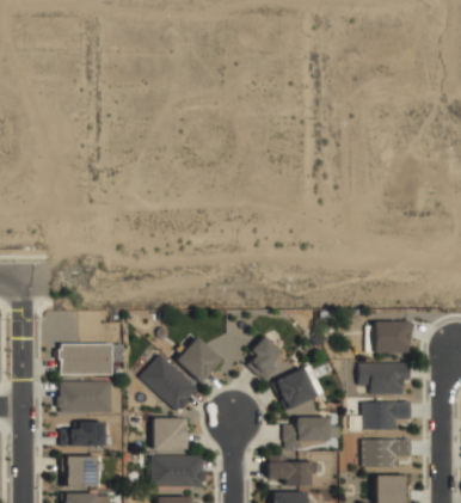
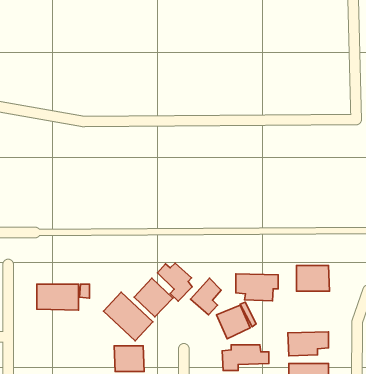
building: none -> [158,263,192,301]
building: [358,362,410,394] -> [236,274,278,301]
building: [57,381,110,413] -> none
building: [68,422,104,447] -> none

